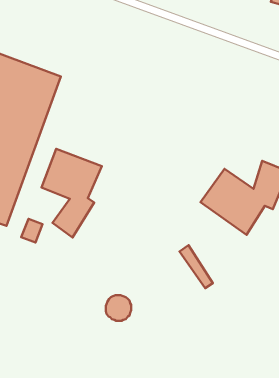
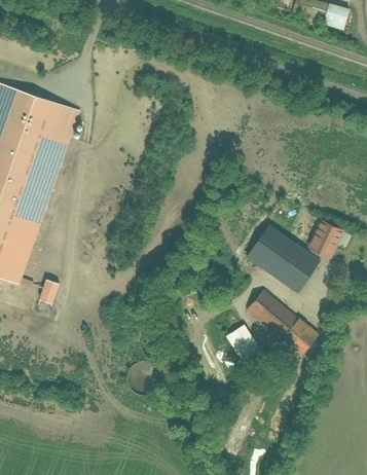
building: [41,149,102,238] -> none
building: none -> [243,288,319,352]

